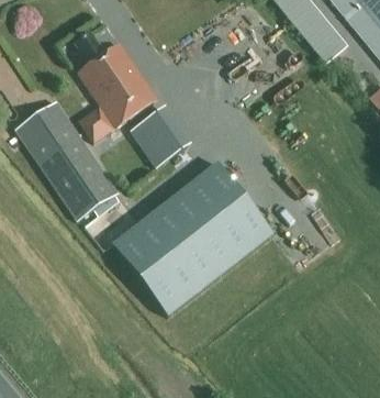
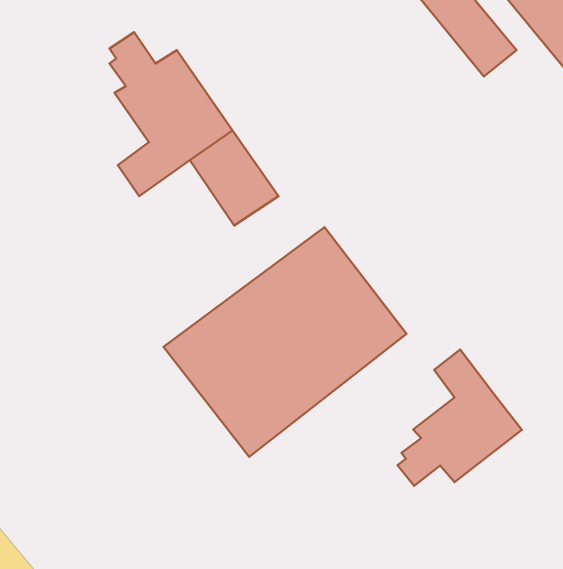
building: [13,99,119,221] -> none
building: none -> [398,350,522,486]

